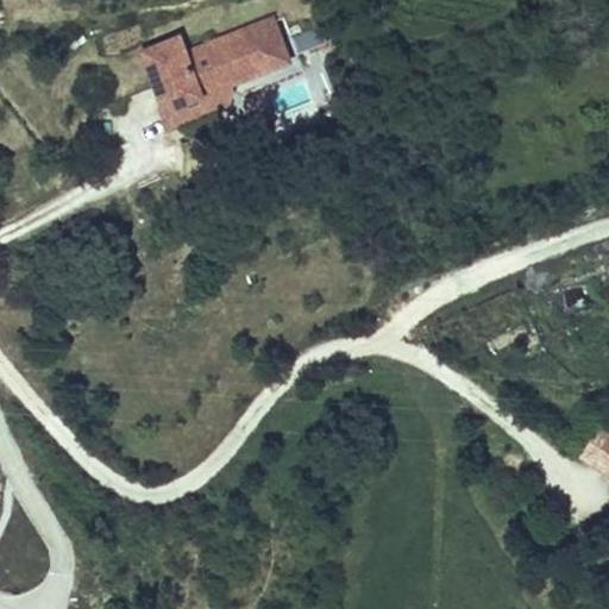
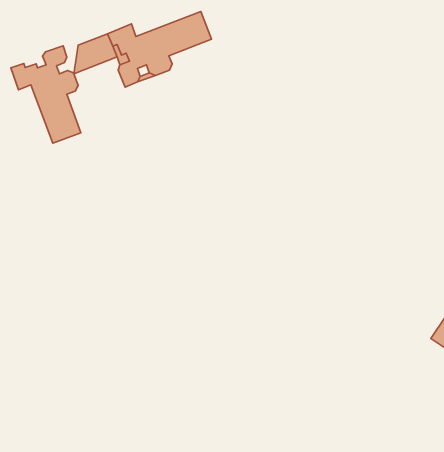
building: none -> [11,46,81,143]

